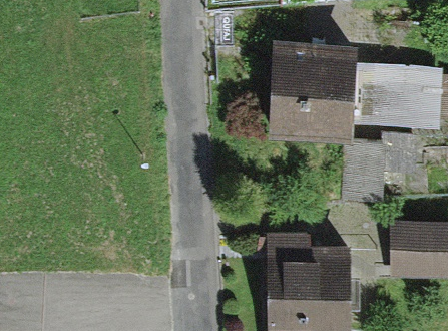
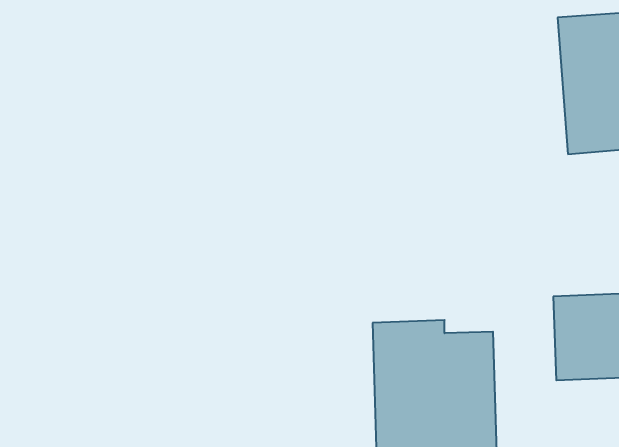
building: [267,43,355,145] -> none

